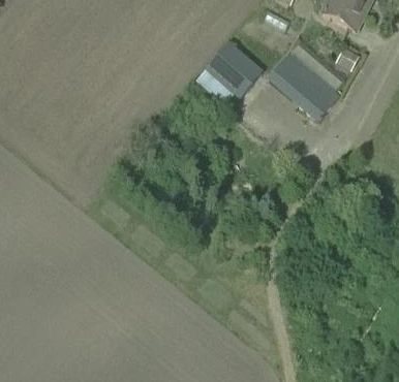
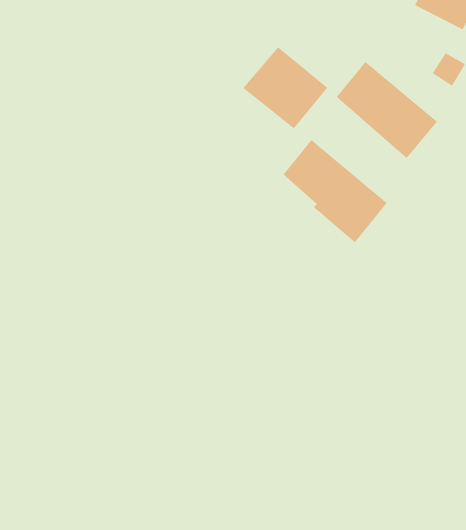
building: none -> [283,139,387,243]

